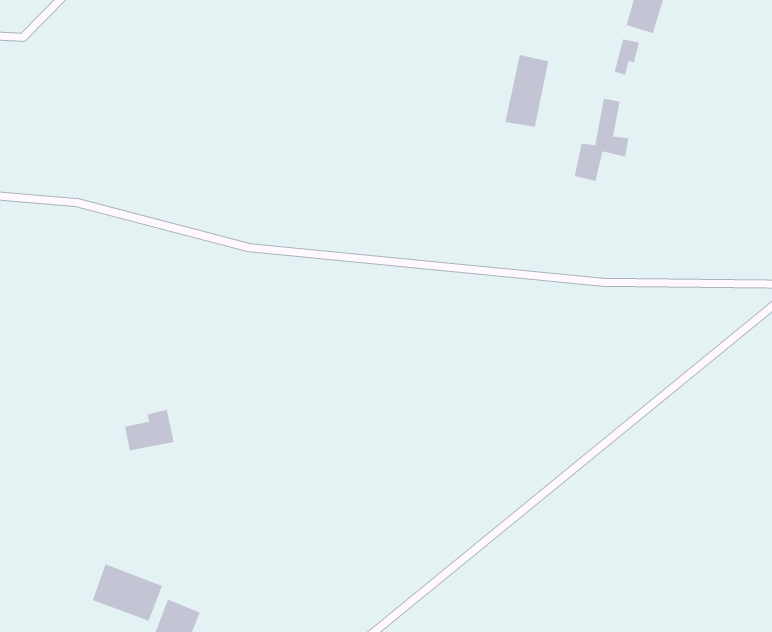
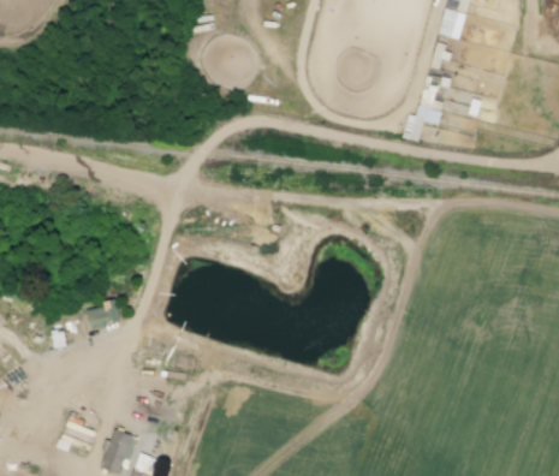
building: [505,54,549,128] -> none
building: [92,564,163,621] -> none

